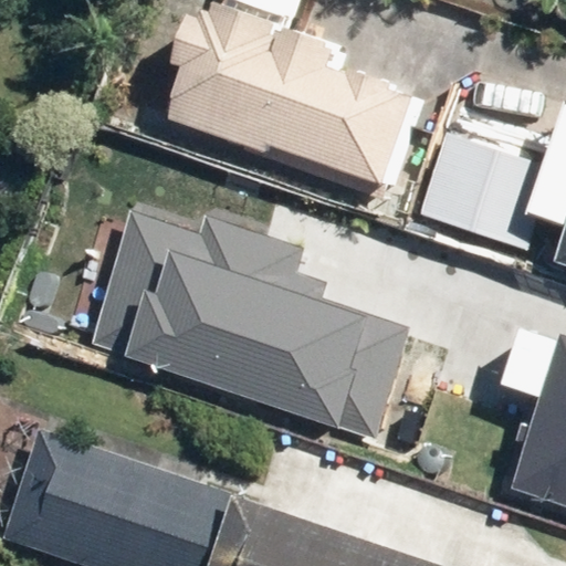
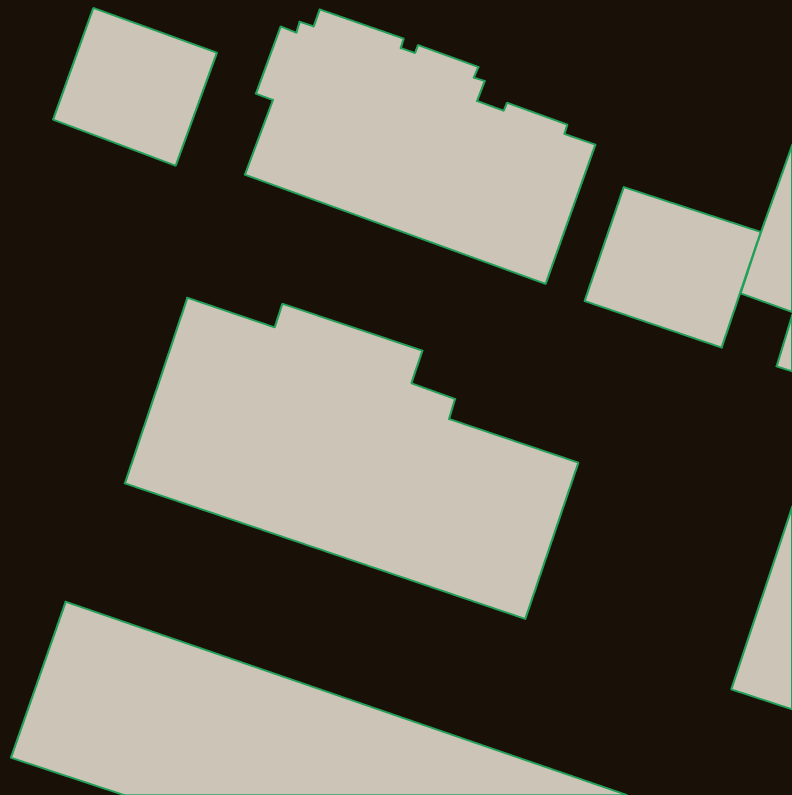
building: none -> [53,8,217,166]

